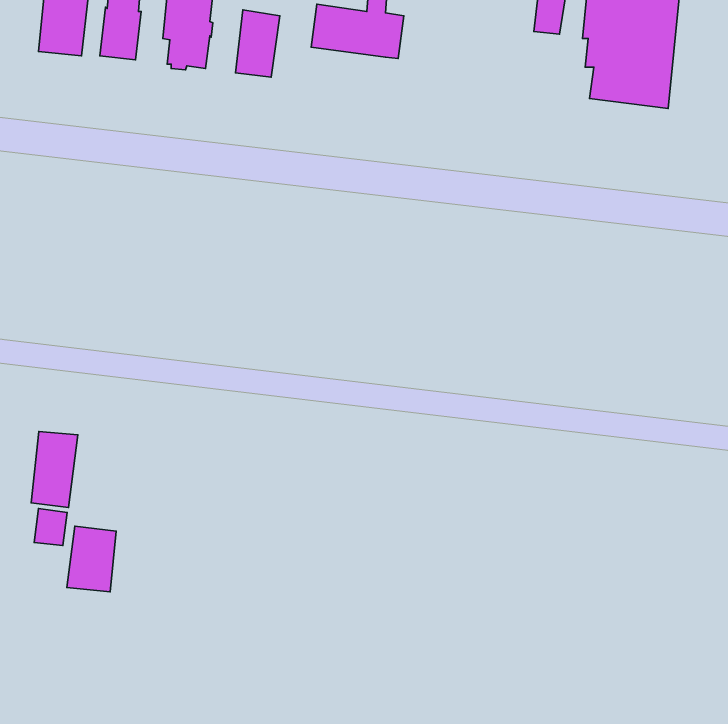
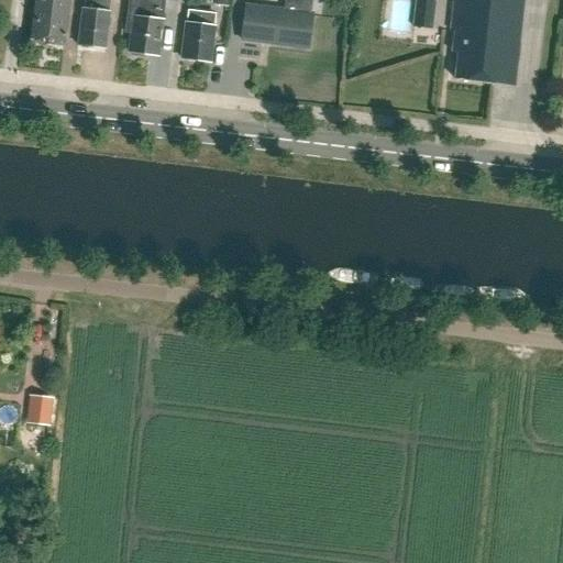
building: [31,431,78,508] -> none
building: [67,526,116,592] -> none

